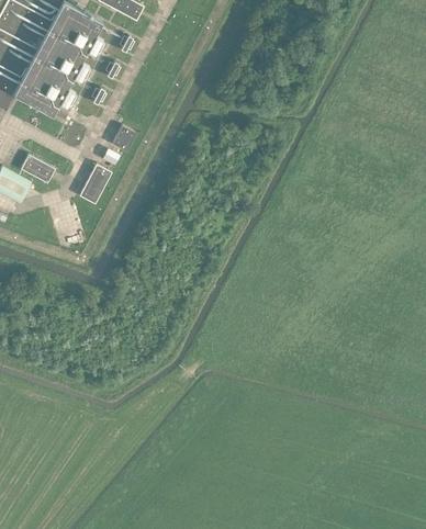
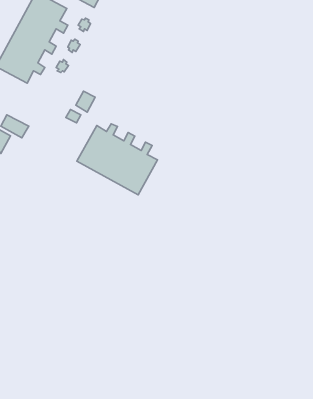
building: [78,164,111,204] -> none
building: none -> [77,124,158,195]

